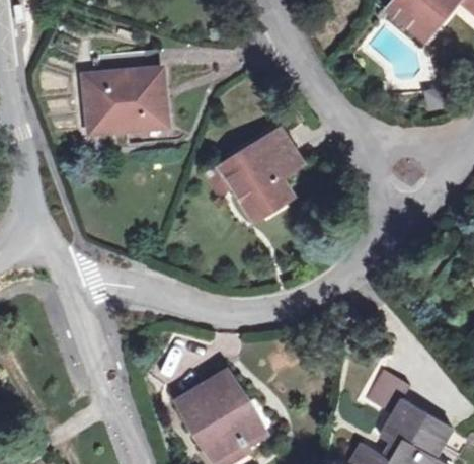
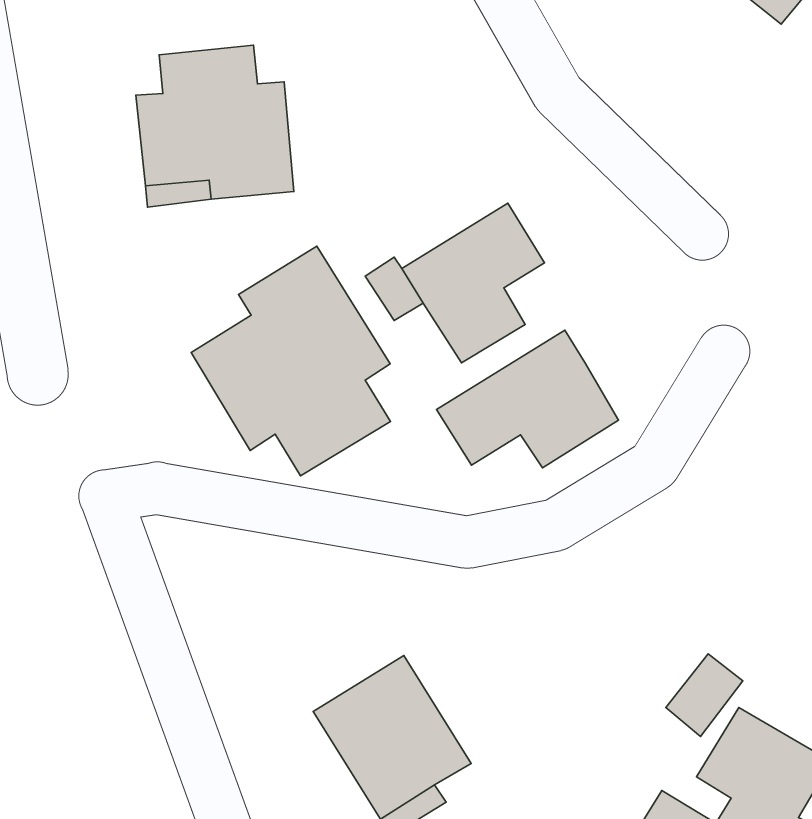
building: none -> [191,246,390,476]
building: none -> [437,330,619,468]

